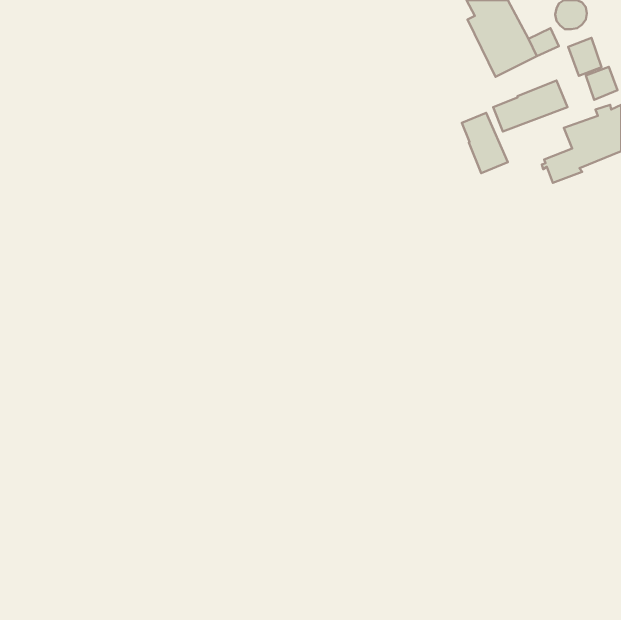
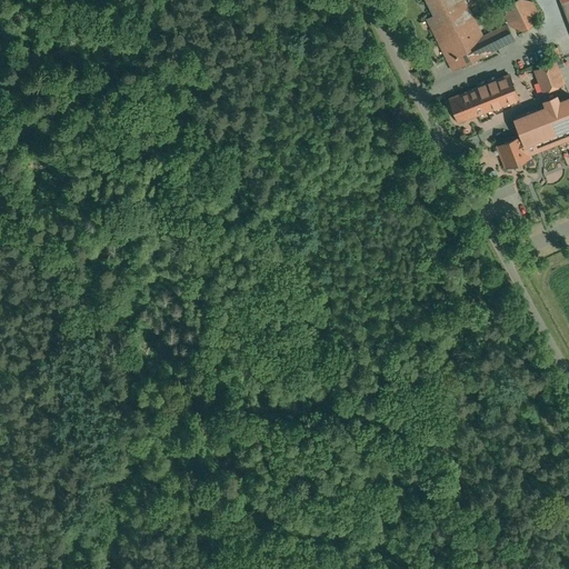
building: [568,38,601,76] -> none
building: [462,113,508,173] -> none

